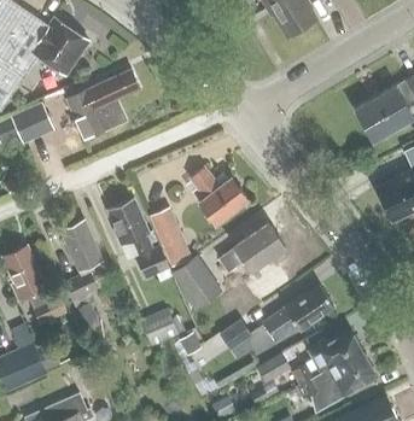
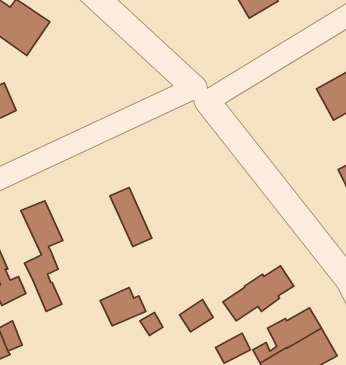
building: [66,70,140,140] -> none
building: [189,166,247,224] -> none
building: [106,198,168,277] -> none
building: [218,223,285,271] -> none
building: [175,259,220,308] -> none

